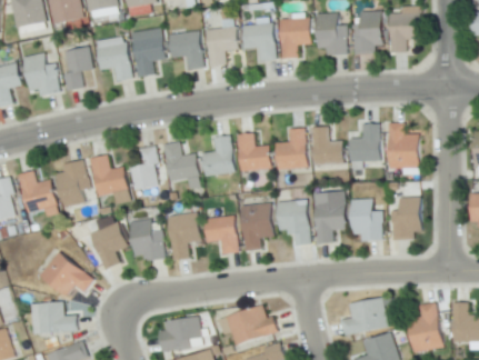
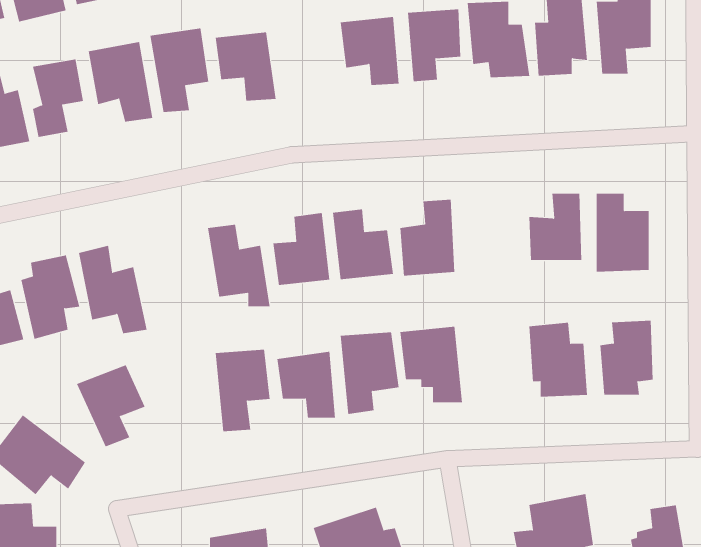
building: [204,24,238,66] -> none
building: [310,124,343,166] -> none
building: [129,144,158,189] -> none
building: [313,191,347,242] -> none
building: [129,217,164,260] -> none

